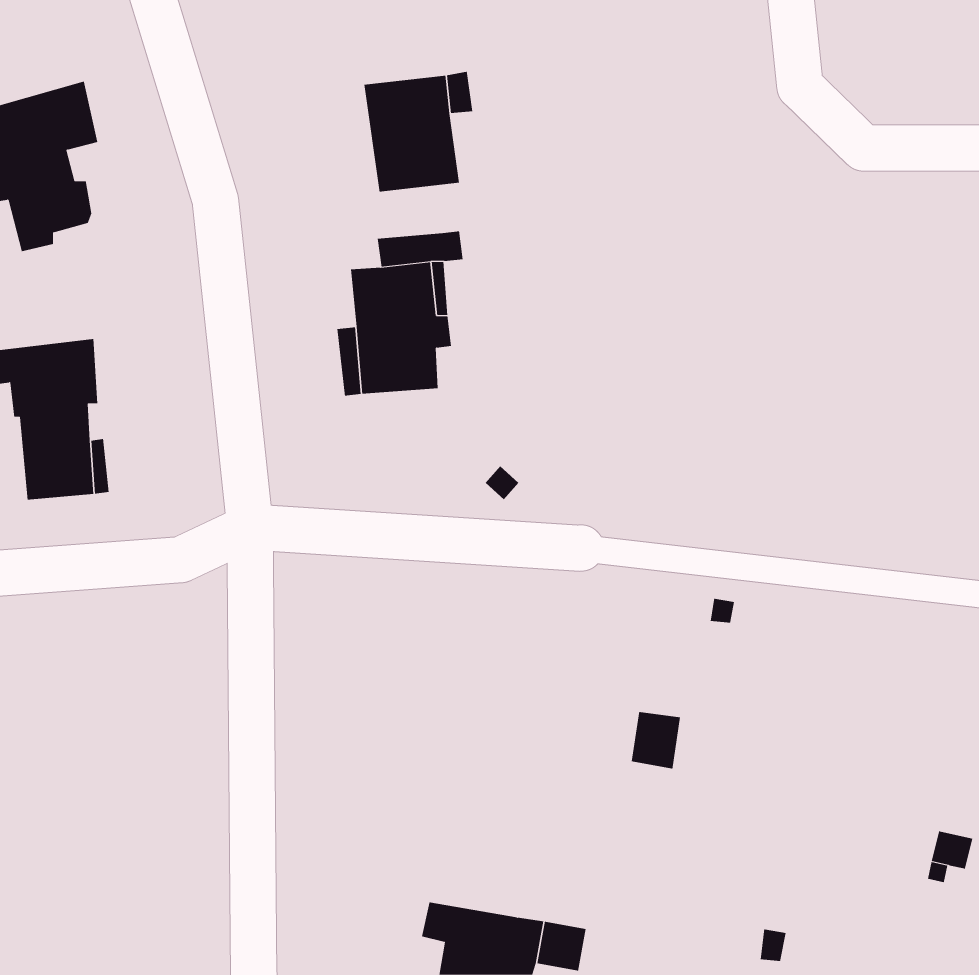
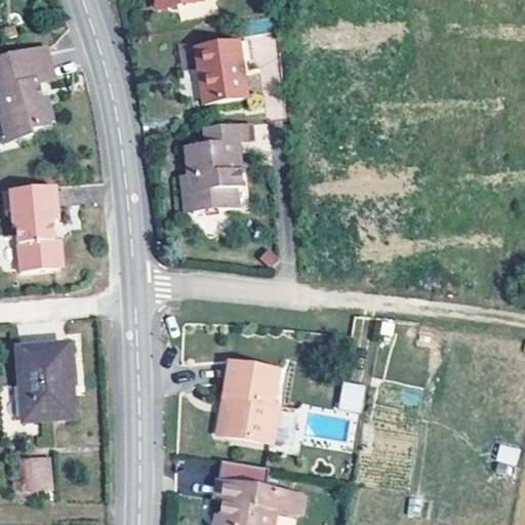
building: none -> [15,342,72,419]
building: none -> [228,360,291,446]
building: none -> [17,456,51,492]
building: none -> [229,460,279,489]

